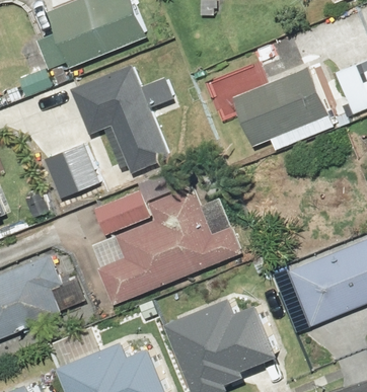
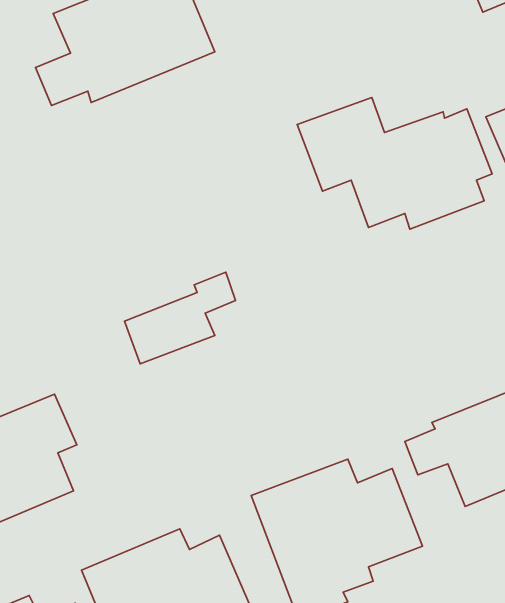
building: [71,56,175,168] -> none
building: [43,143,98,198] -> none
building: [94,183,243,303] -> none

